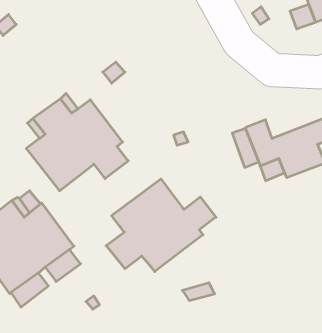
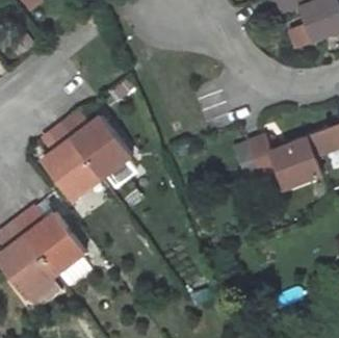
building: [106,179,216,272] -> none

